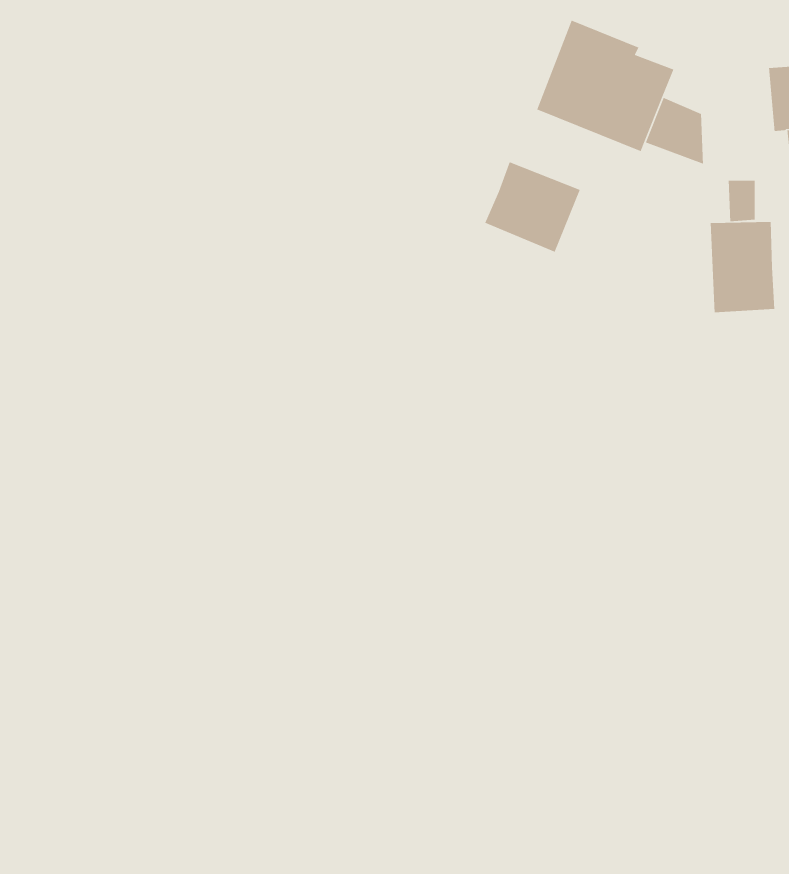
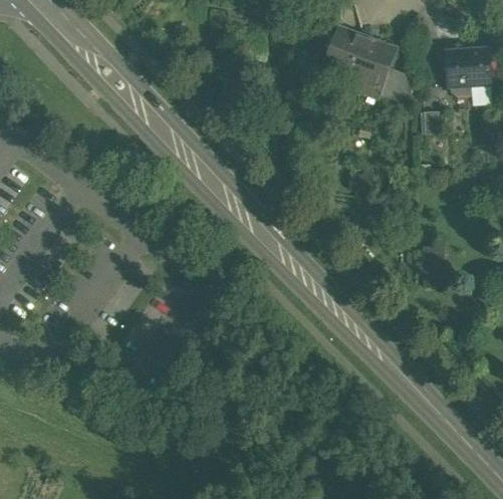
building: [484,161,581,253] -> none
building: [710,221,775,313] -> none

